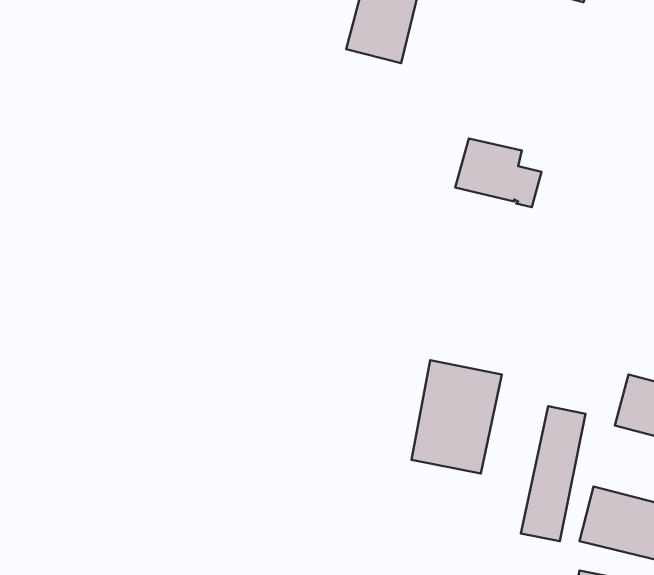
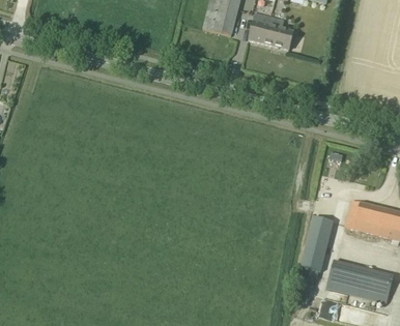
building: [455,139,542,207] -> [248,13,293,50]
building: [412,360,502,473] -> none

